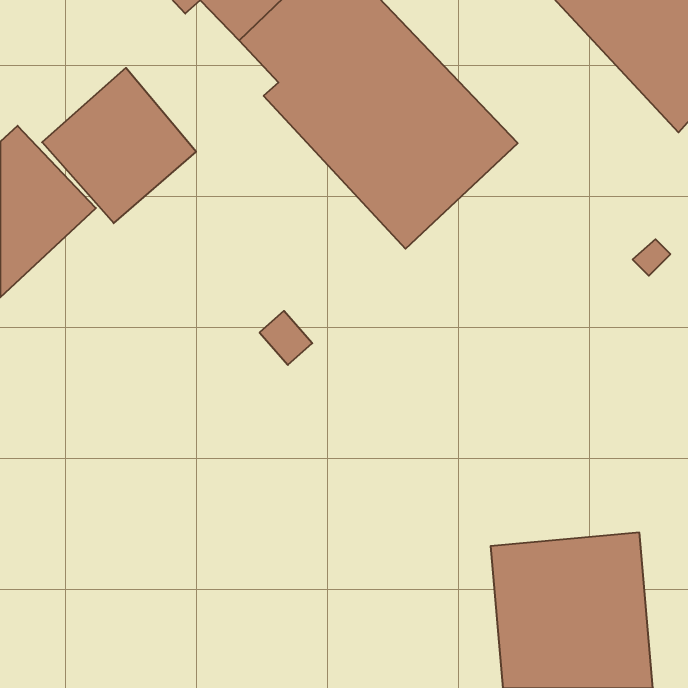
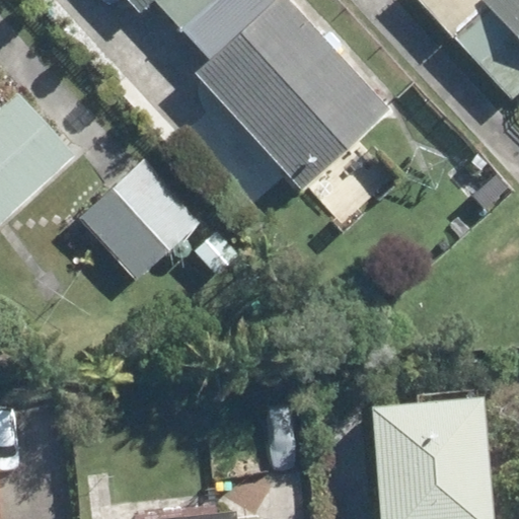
building: [42,68,196,223] -> [82,161,198,278]

